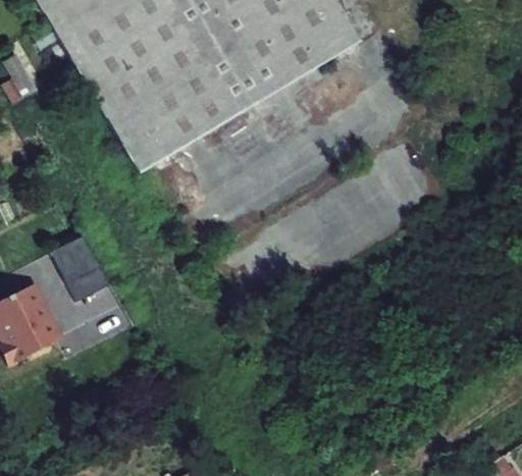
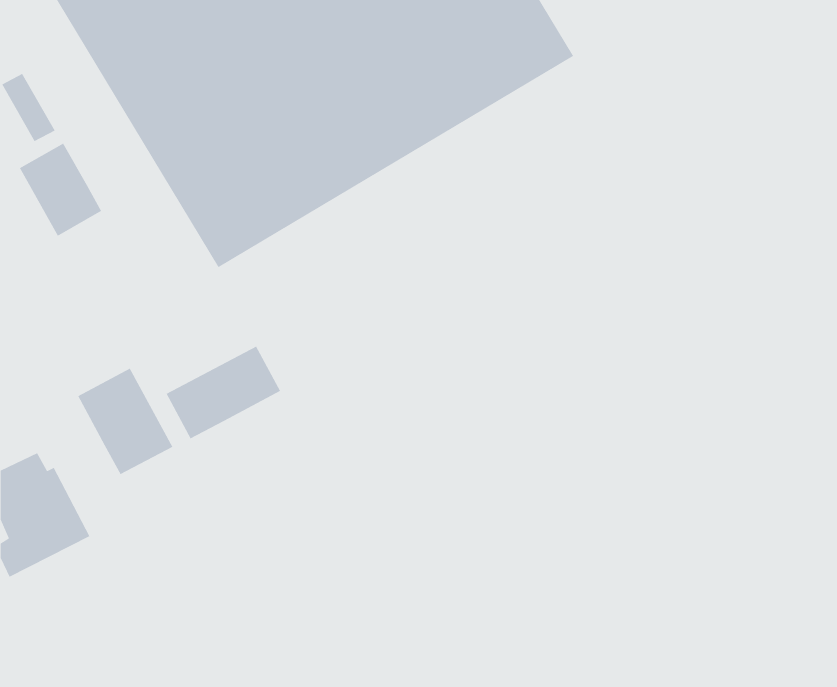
building: none -> [19,142,102,237]
building: none -> [165,345,281,439]

